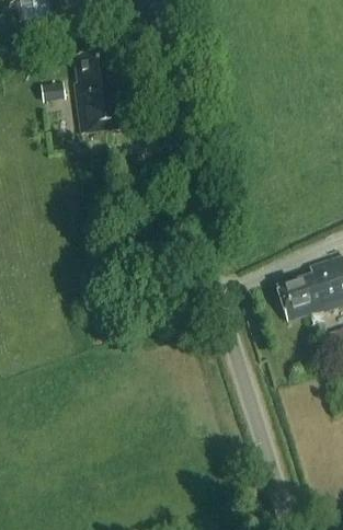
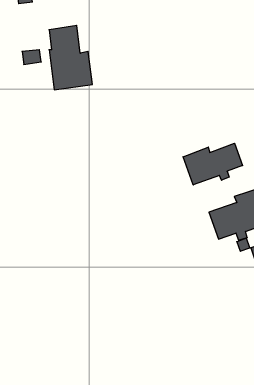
building: none -> [183,143,243,185]

